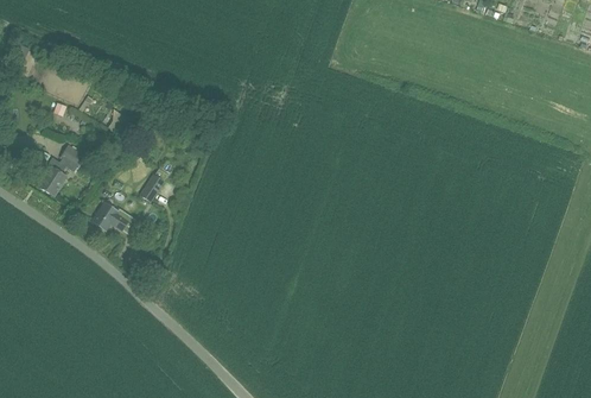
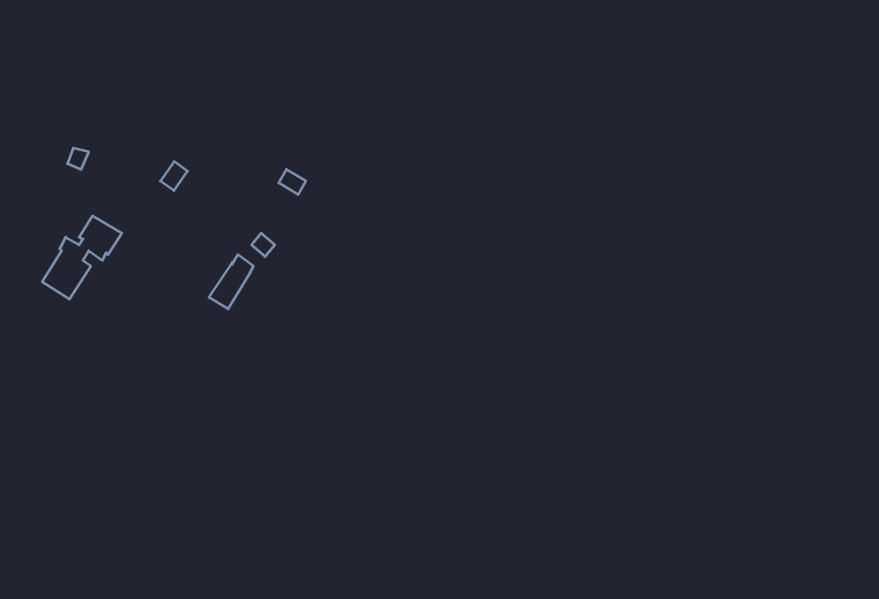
building: [91,202,128,230] -> none

